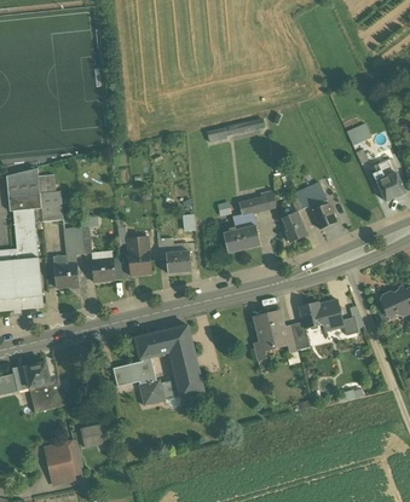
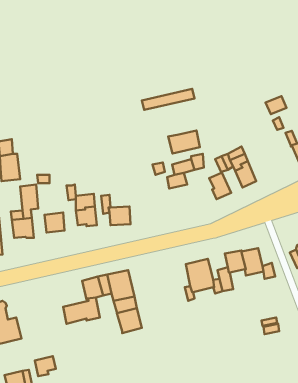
building: [224,225,260,252] -> [168,130,200,153]
building: [139,377,181,404] -> none

